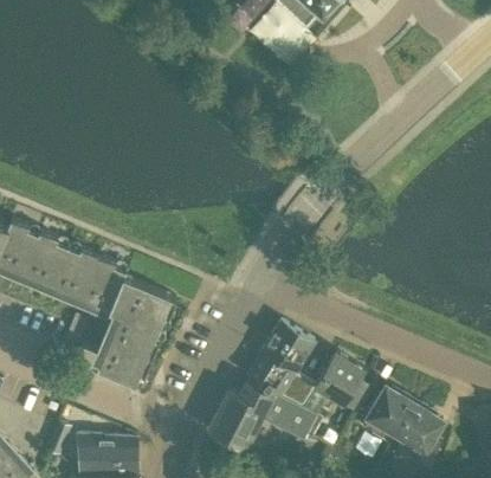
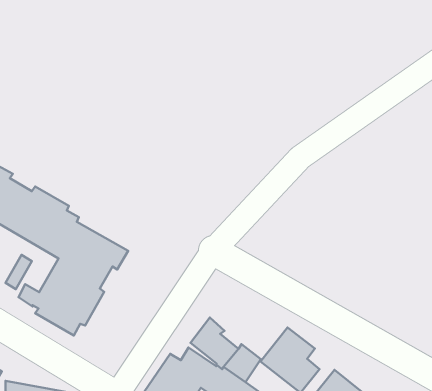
building: [261,322,315,379] -> none

